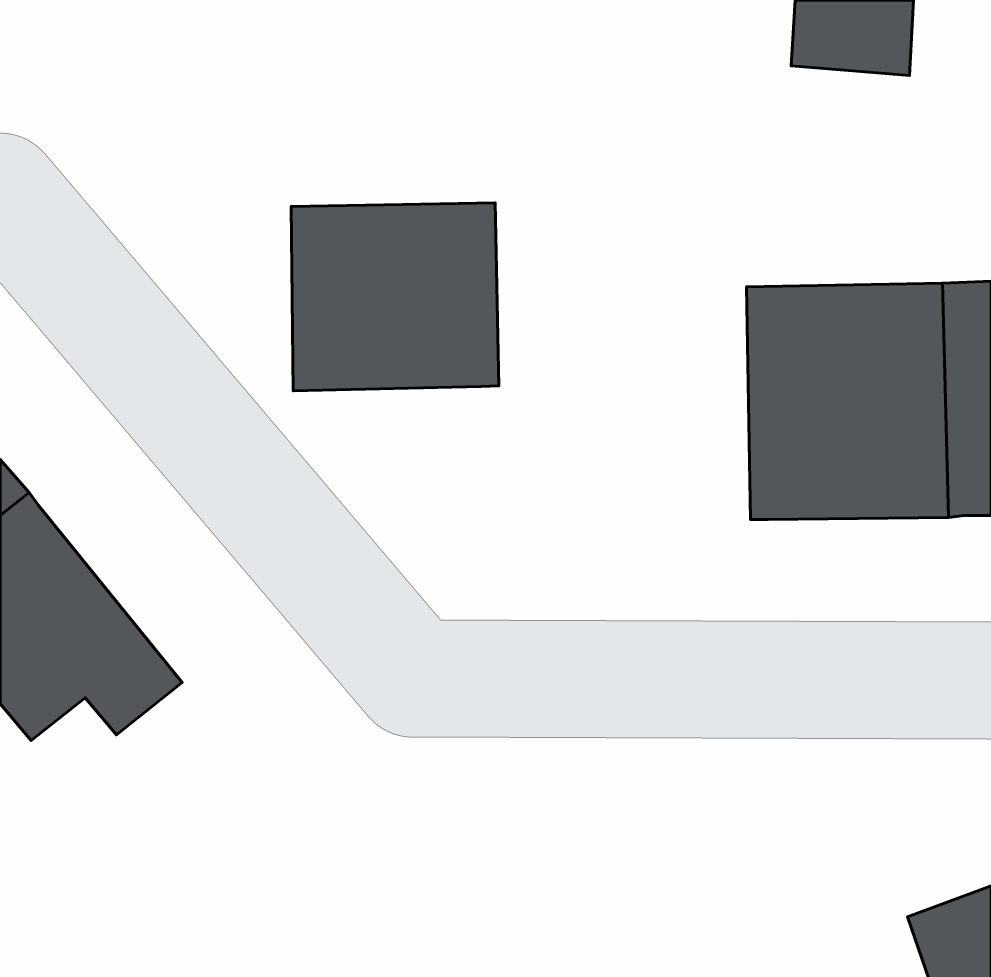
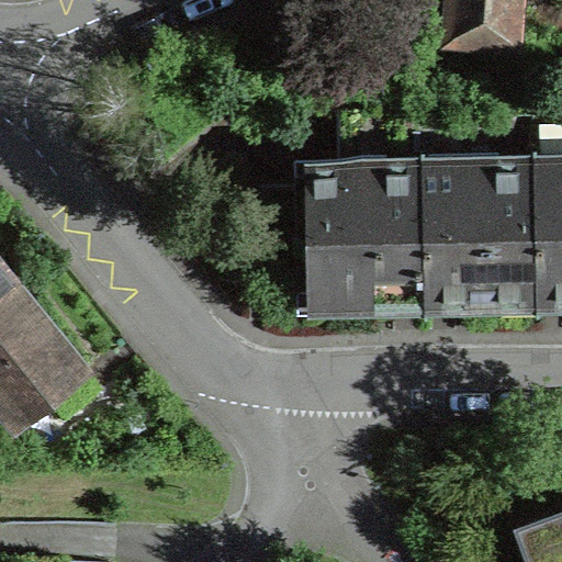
building: none -> [307,112,425,304]
building: [291,203,499,391] -> none

